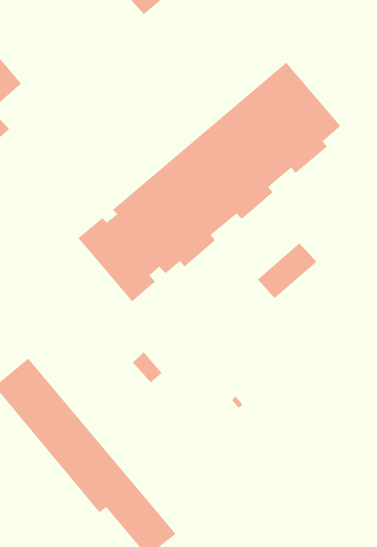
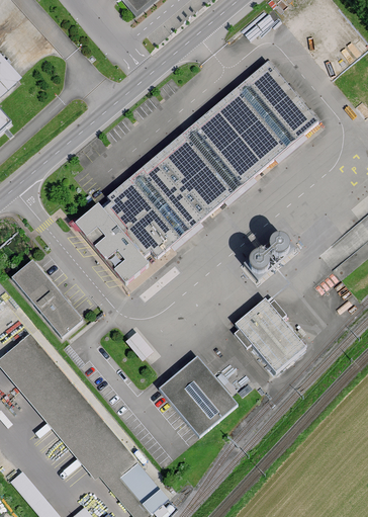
building: none -> [11,259,82,336]
building: none -> [235,297,305,371]
building: none -> [158,355,237,435]

